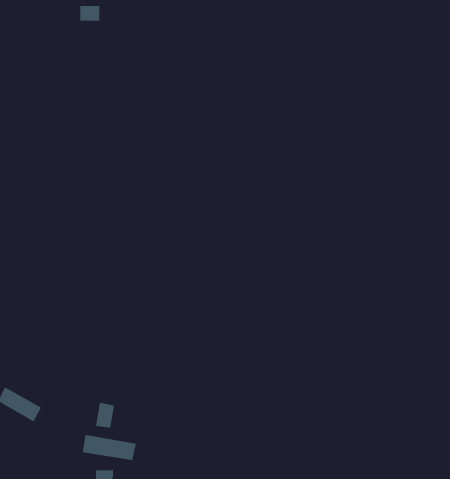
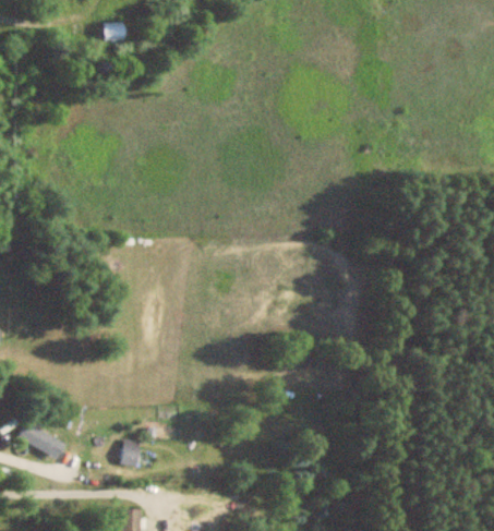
building: [82,434,136,461] -> none

